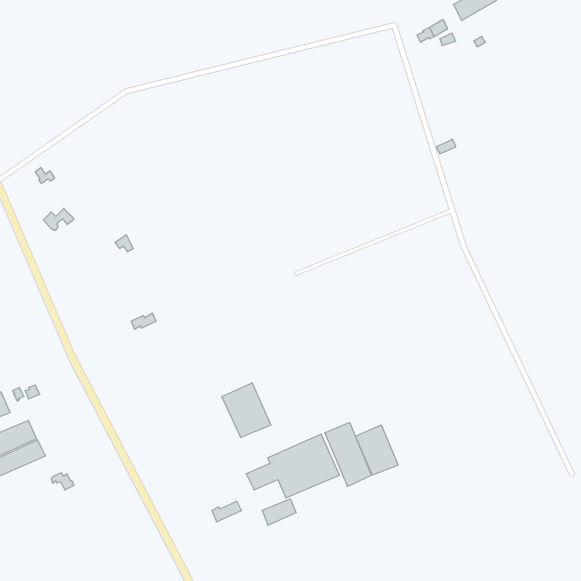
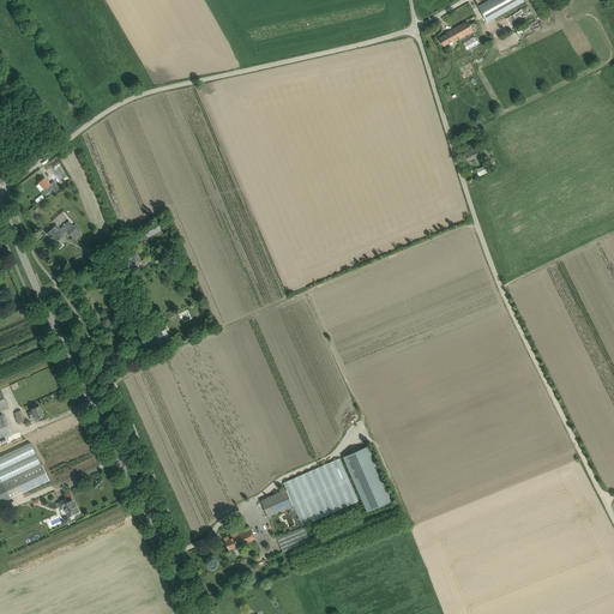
building: [222,383,271,438] -> none
building: [355,425,398,475] -> none

